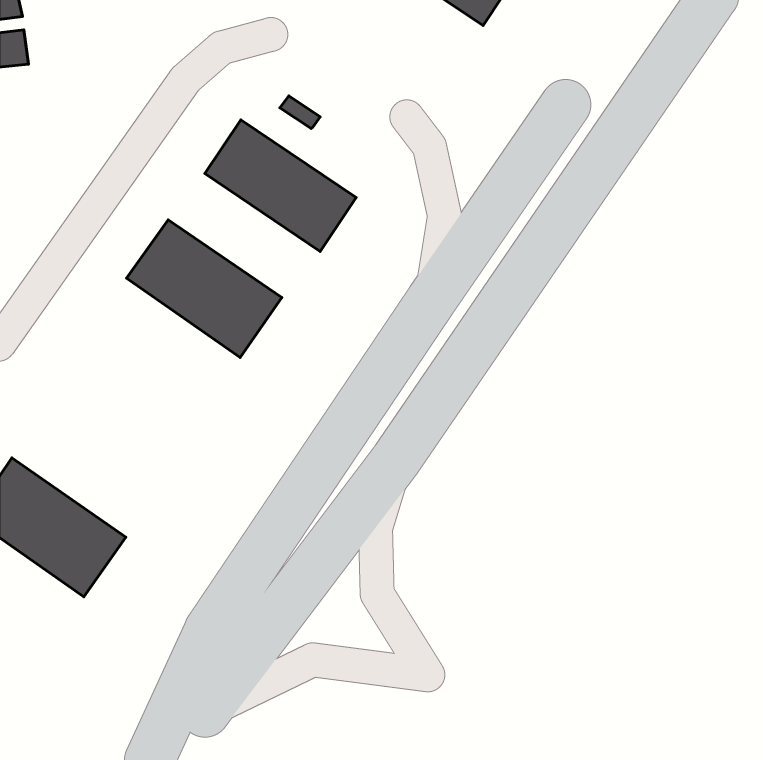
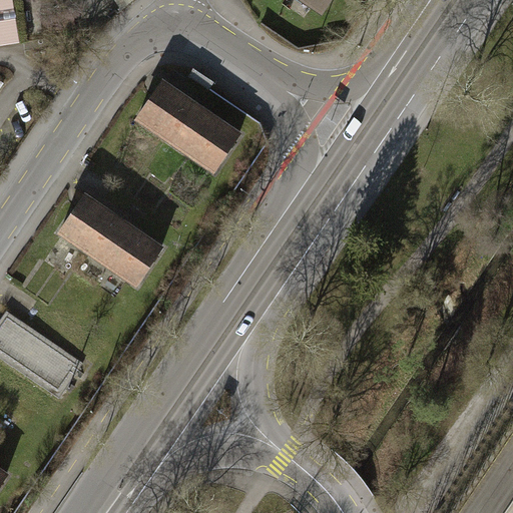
building: [126,220,282,357] -> [56,194,160,287]

